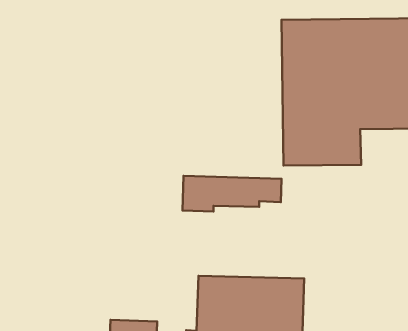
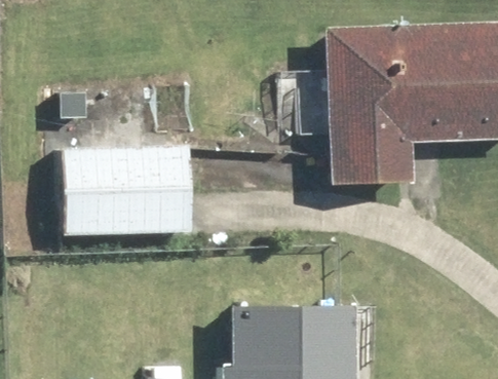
building: none -> [63,148,195,236]

